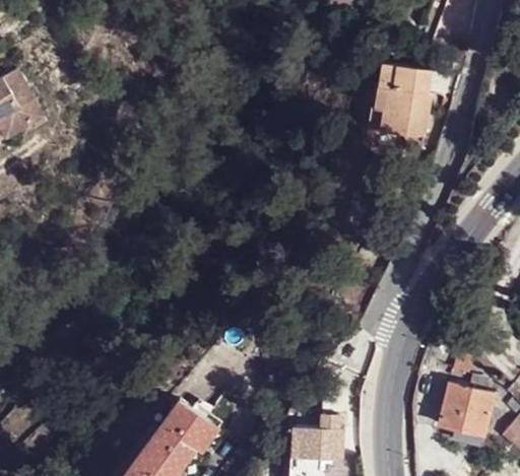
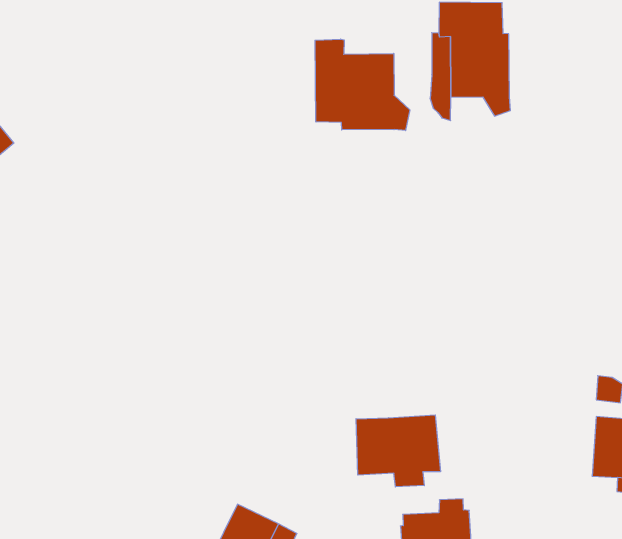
building: none -> [315,39,410,131]
building: none -> [356,415,440,487]

